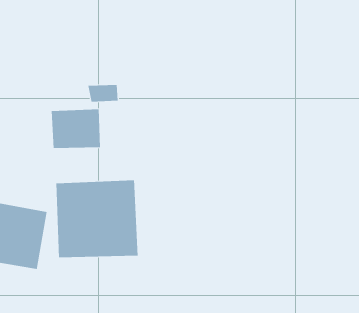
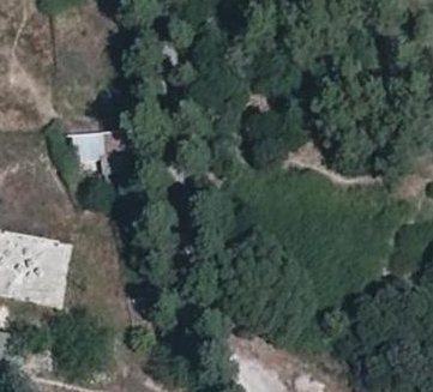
building: [56,179,138,258] -> none

